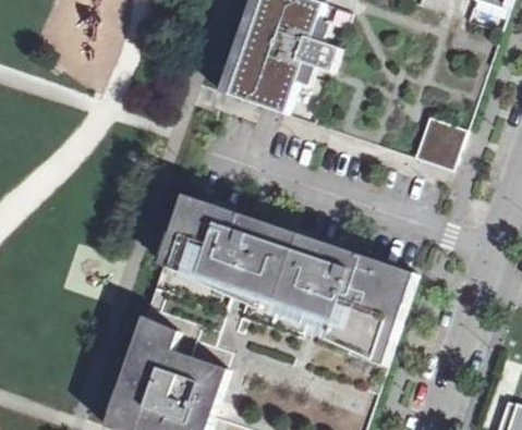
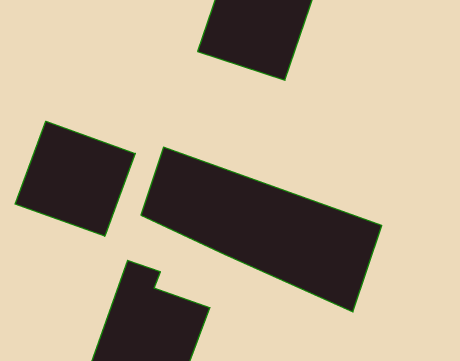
building: [414,115,463,167] -> none
building: none -> [15,121,135,236]

